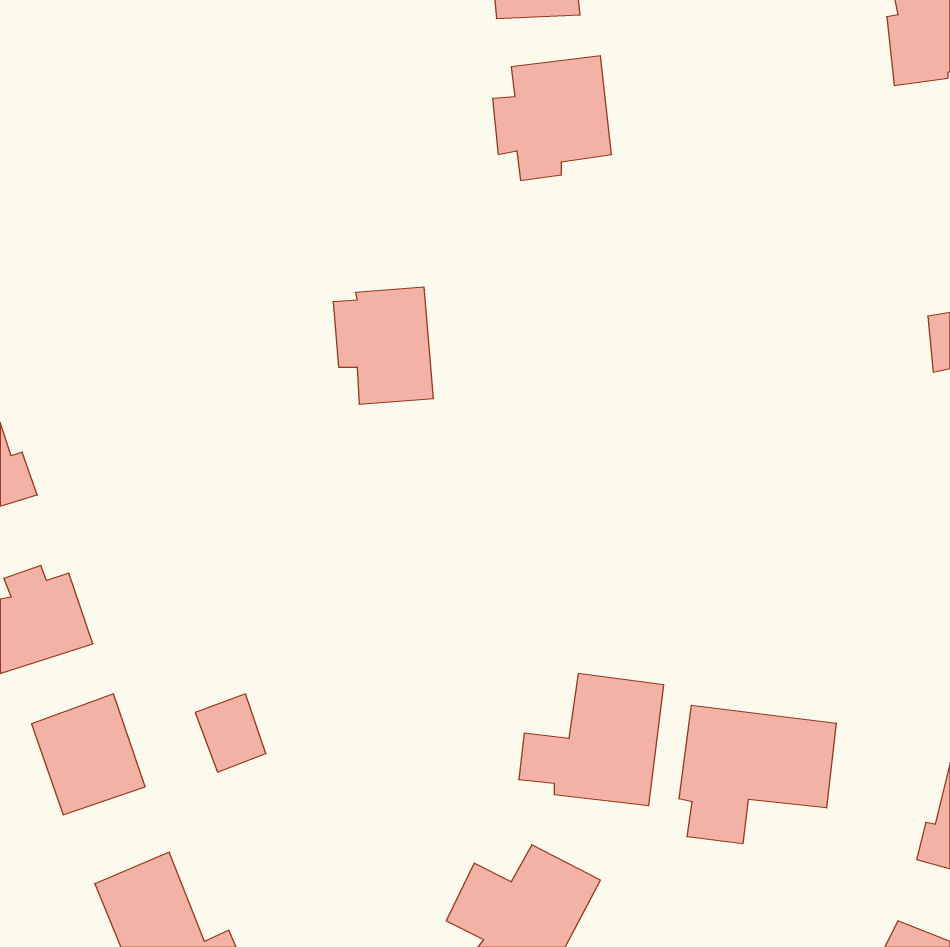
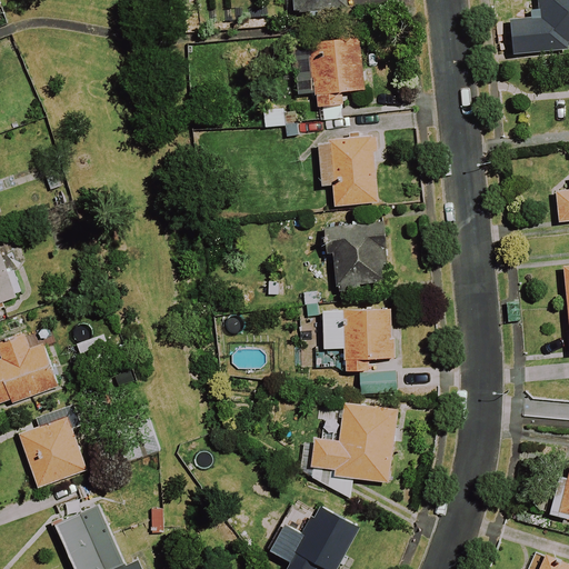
building: [333,287,433,404] -> [318,137,378,207]
building: none -> [325,224,386,290]
building: none -> [320,309,393,383]
building: [679,705,836,844] -> none

